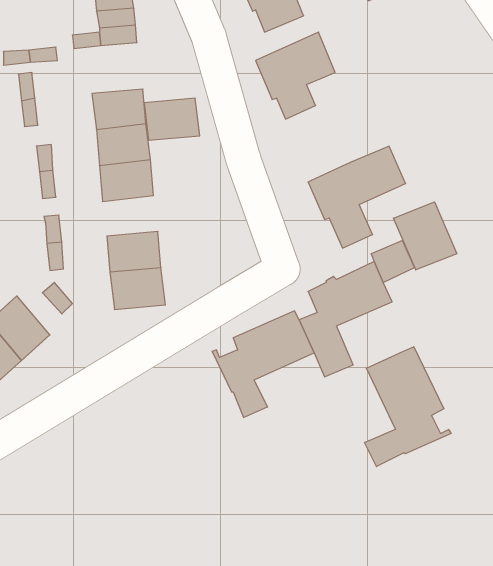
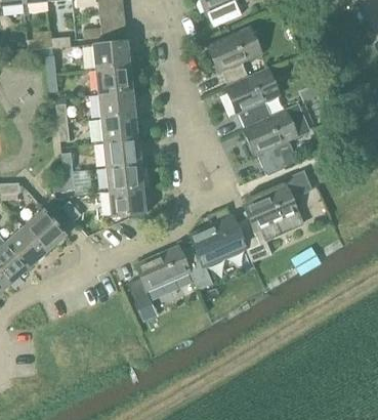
building: none -> [225,70,279,129]
building: [144,98,200,140] -> [92,41,130,70]
building: none -> [102,139,140,167]
building: [393,202,457,270] -> none
building: [365,347,451,467] -> none
building: none -> [128,246,191,322]

